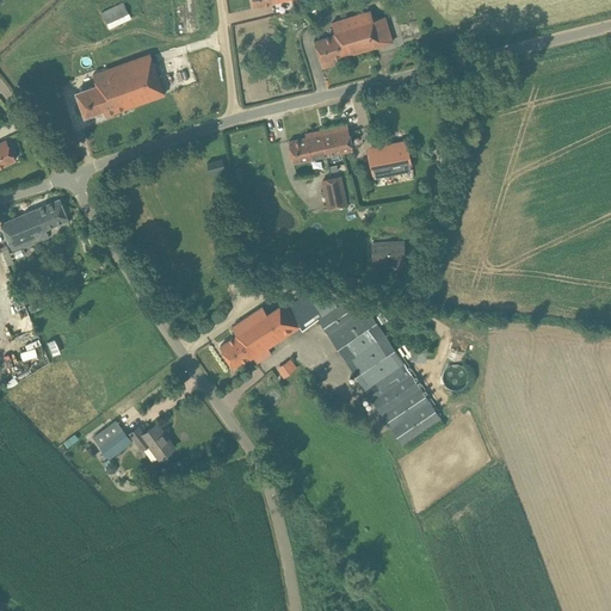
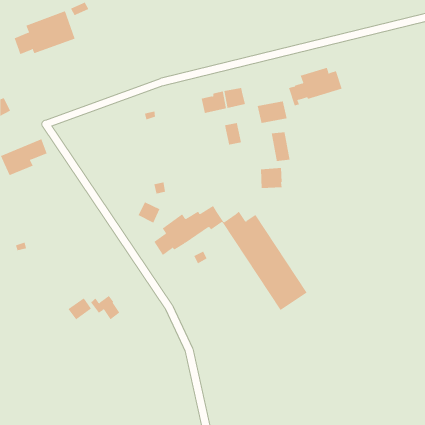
building: [314,12,391,68] -> [288,67,342,106]
building: [75,54,163,117] -> [14,11,76,55]
building: none -> [271,131,290,162]
building: none -> [138,202,160,223]

